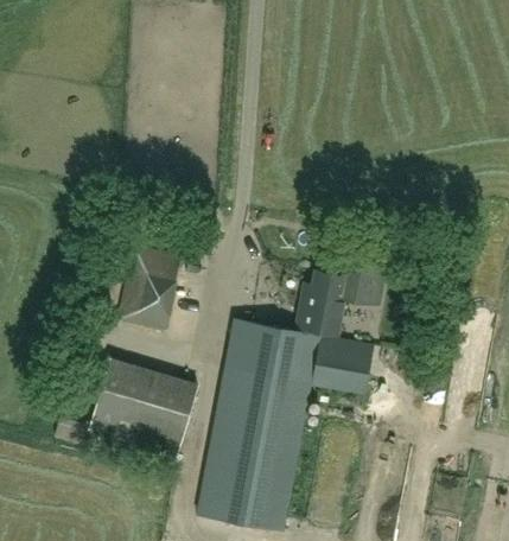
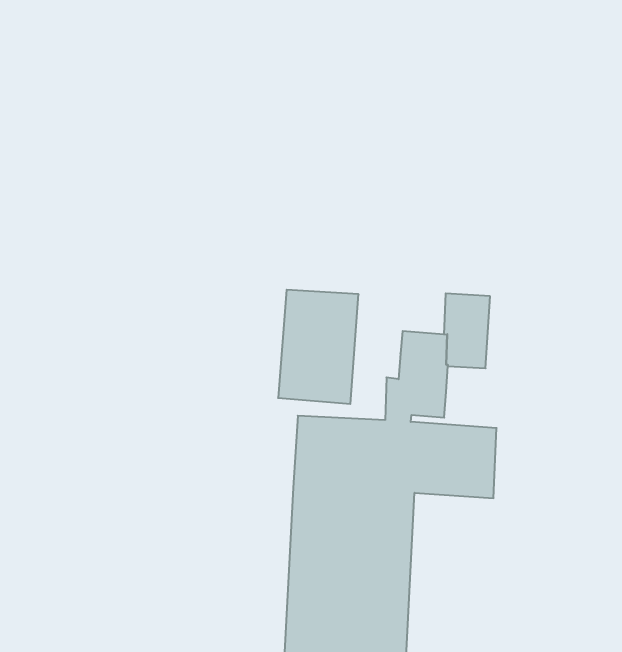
building: [115,246,180,331] -> [278,290,359,404]
building: [87,357,198,458] -> none

